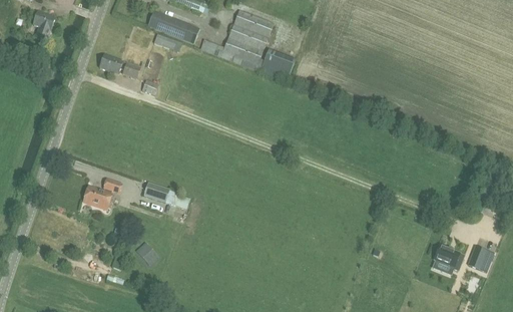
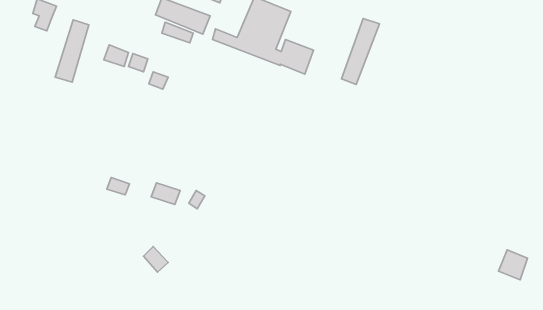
building: none -> [342,18,379,85]
building: none -> [55,20,89,82]
building: [83,187,111,209] -> none
building: [434,241,460,268] -> none

